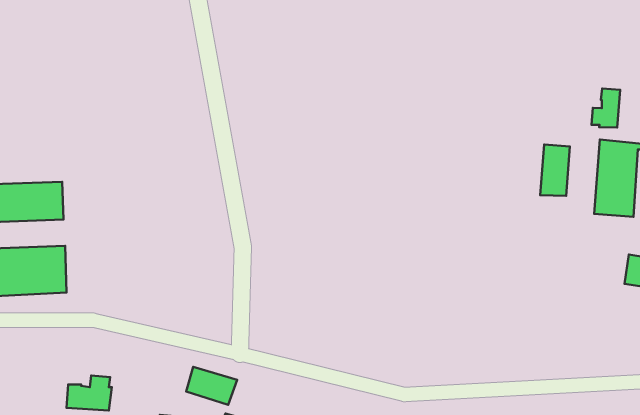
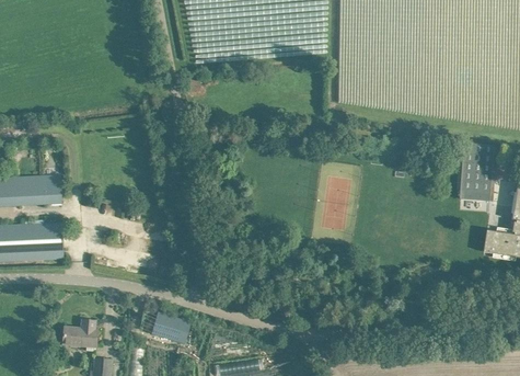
building: [592,88,620,128] -> none
building: [540,144,570,196] -> none

